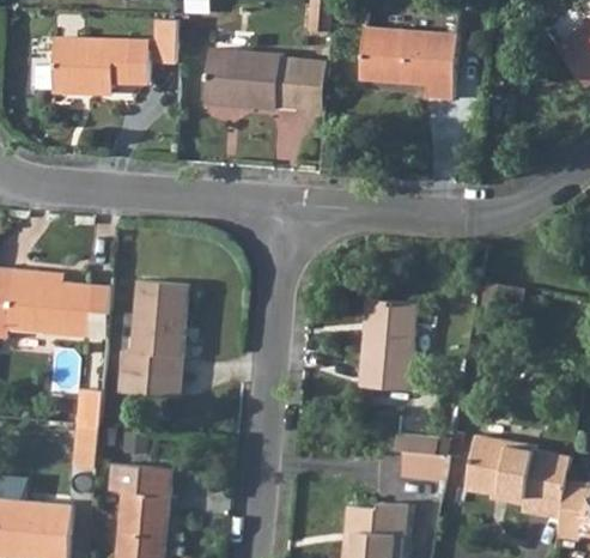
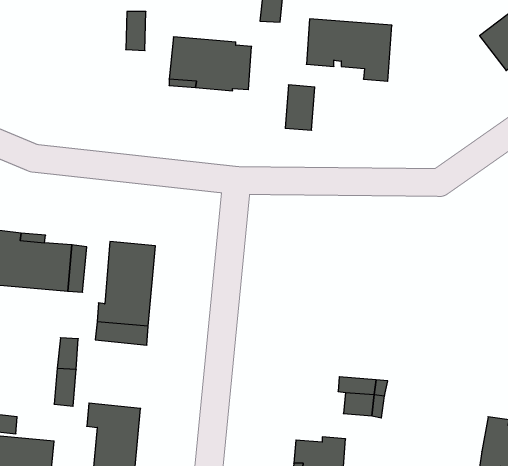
building: [51,37,148,91] -> none
building: [293,59,327,110] -> [285,85,315,130]
building: [359,299,415,390] -> none
building: [464,435,570,518] -> none

